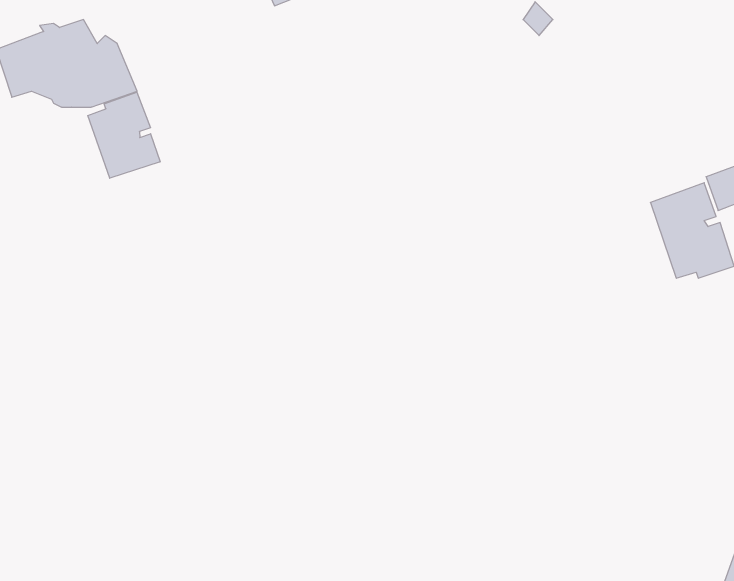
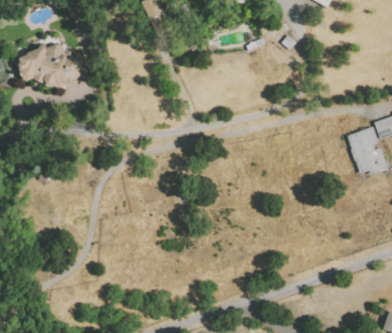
building: [88,92,160,178] -> none

